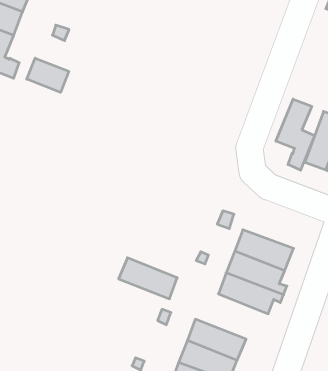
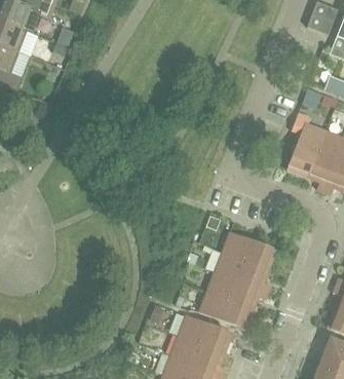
building: [27,58,69,92] -> none
building: [276,99,315,170] -> none
building: [119,258,177,299] -> [198,291,253,329]

